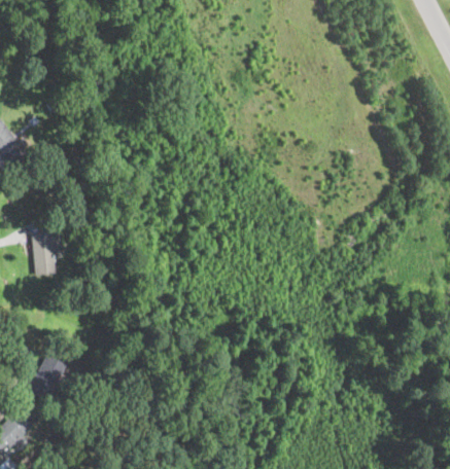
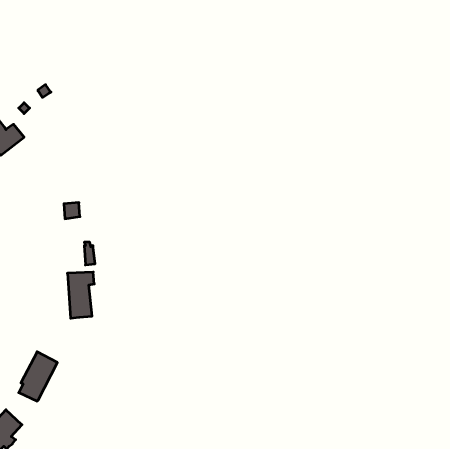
building: [32,229,58,274] -> [67,272,94,318]

